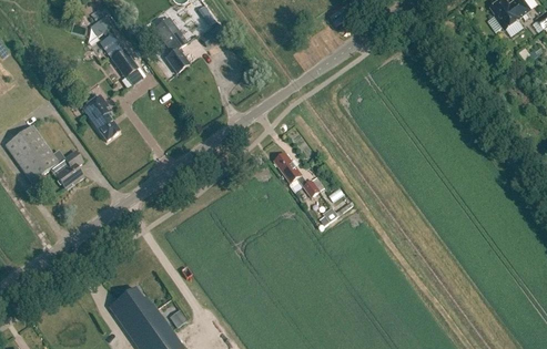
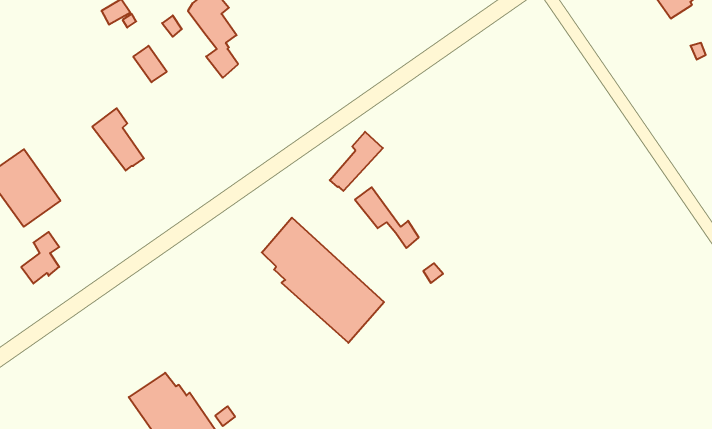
building: none -> [330,132,383,191]
building: [55,150,83,187] -> [21,232,59,284]
building: none -> [262,218,384,343]

